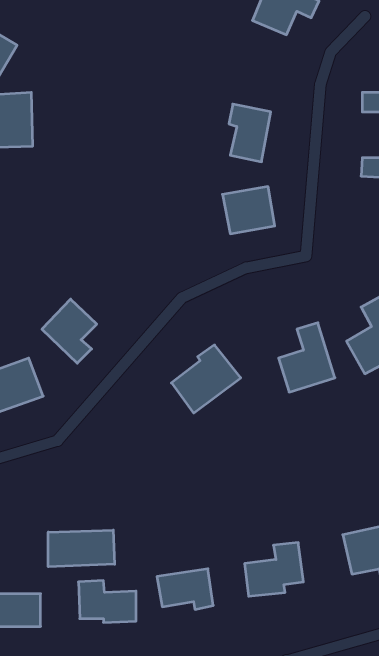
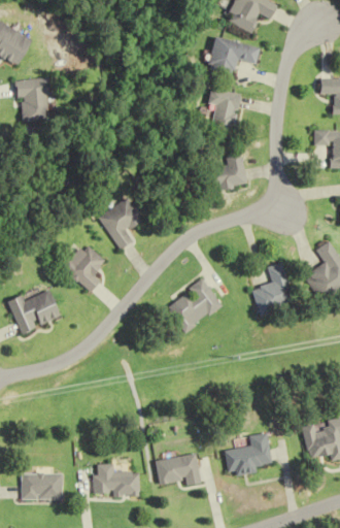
building: none -> [209,36,262,77]
building: none -> [99,197,142,249]
building: [48,530,115,567] -> none

